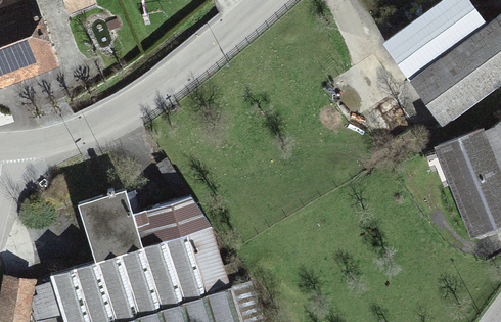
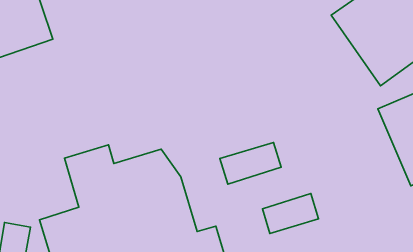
building: none -> [220,143,281,184]
building: none -> [262,194,318,233]

